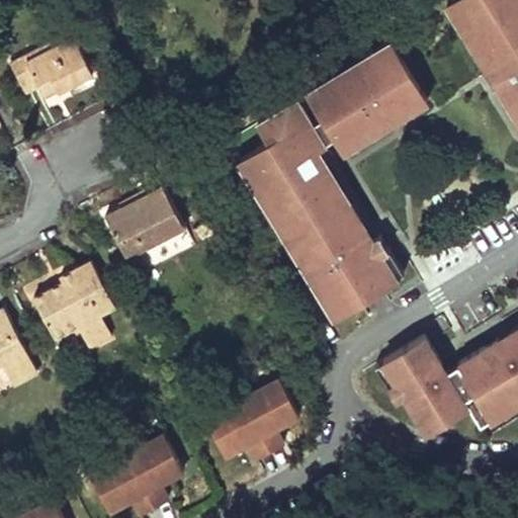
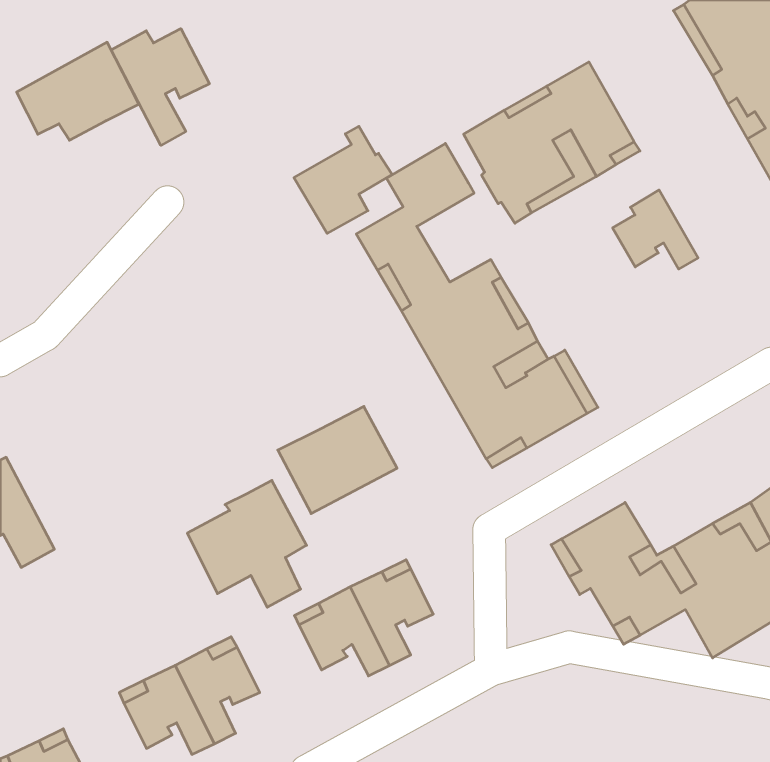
building: none -> [111,29,209,145]
building: [280,123,346,195] -> [294,126,392,233]
building: none -> [613,190,698,269]
building: [106,188,186,260] -> [278,406,397,514]
building: [36,265,116,350] -> [187,480,307,607]

